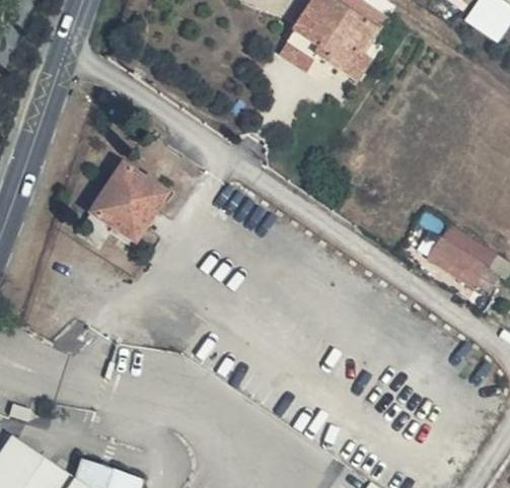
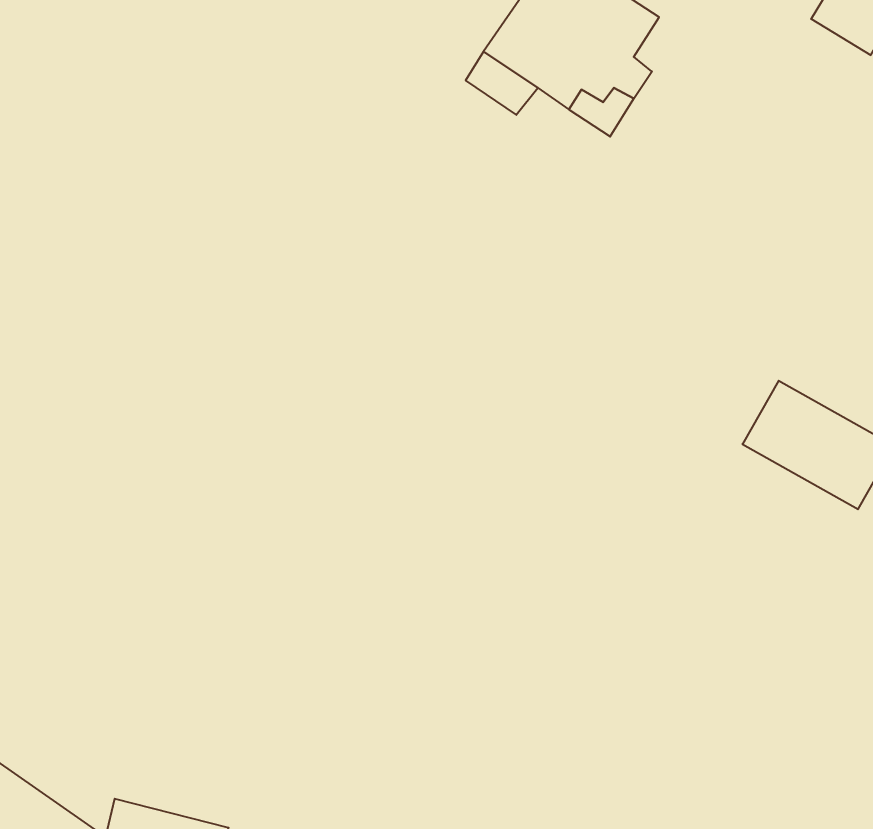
building: [92,165,166,238] -> none

